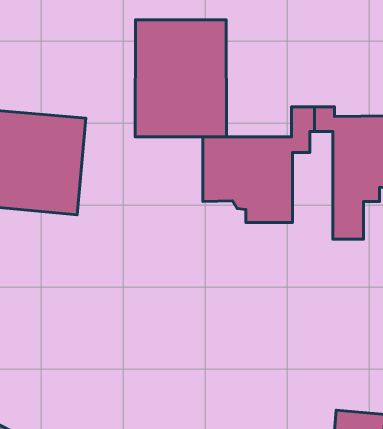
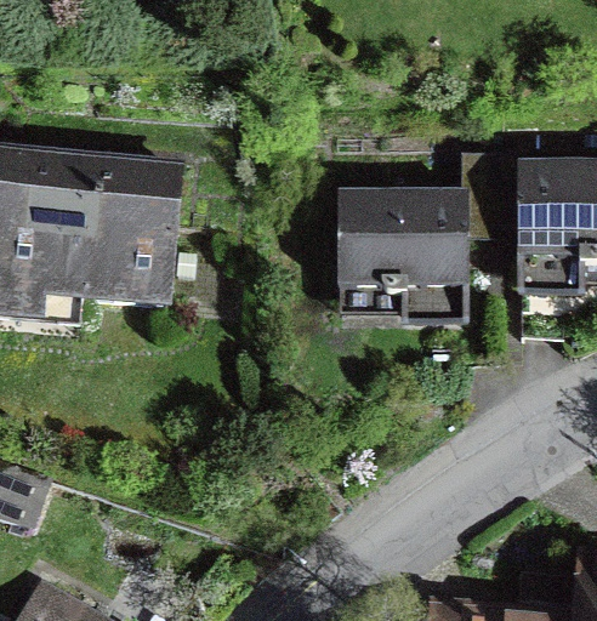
building: [135,20,227,137] -> none

